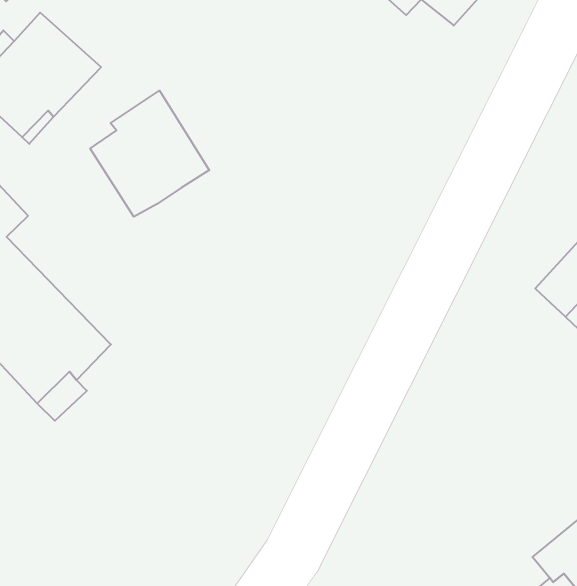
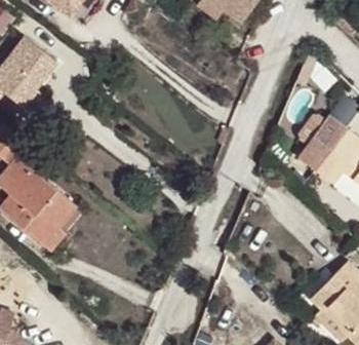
building: [90,91,209,217] -> none

